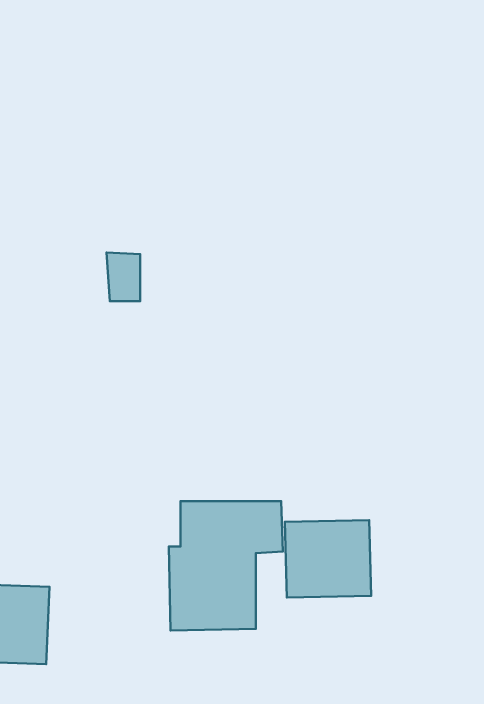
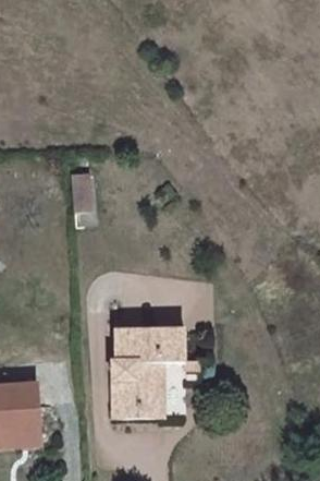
building: [285,520,371,598] -> none

